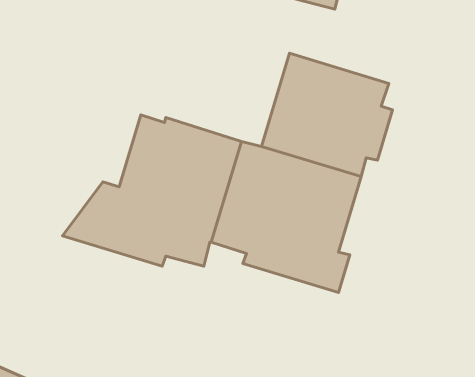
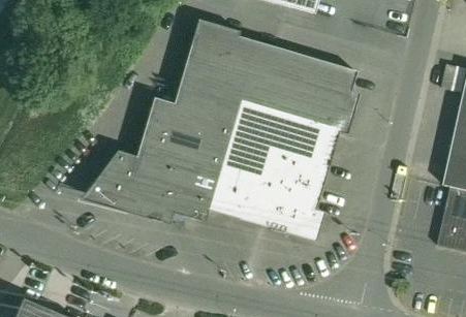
building: none -> [175,19,276,122]

